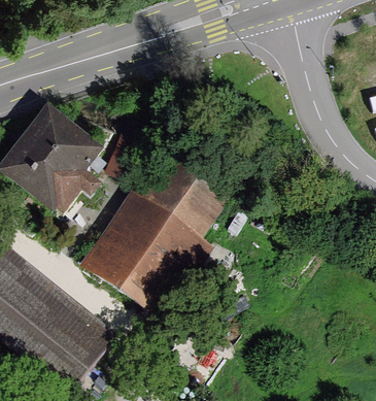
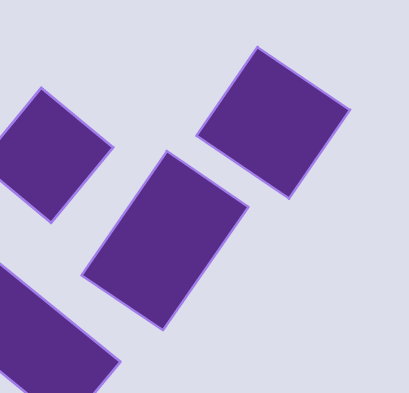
building: none -> [197,47,350,199]

